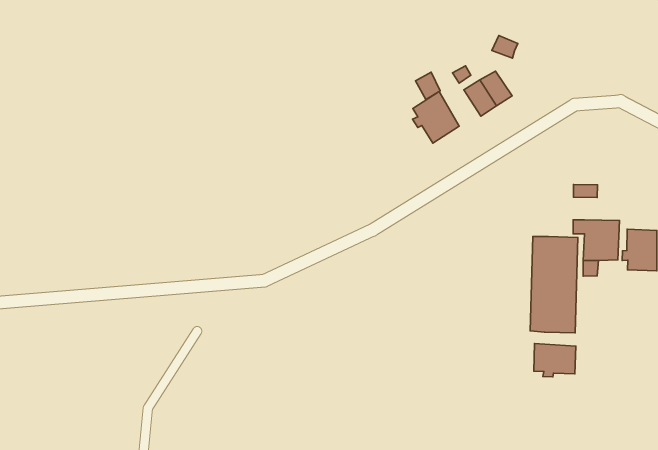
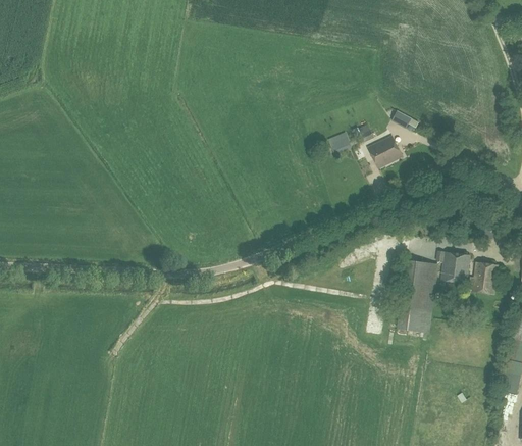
building: [413,92,459,143] -> none
building: [534,344,576,377] -> none

